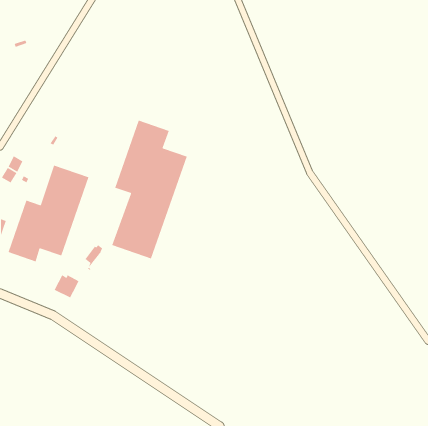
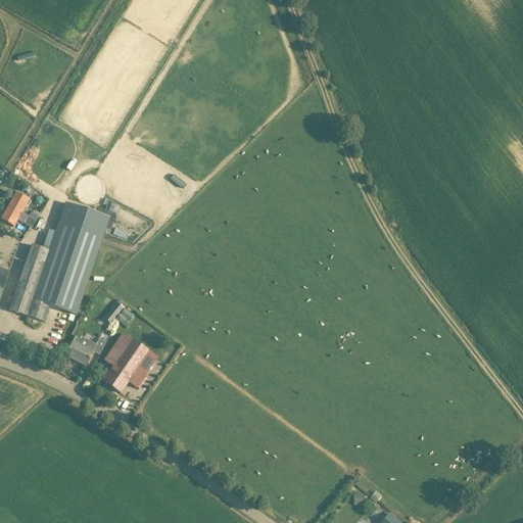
building: [111,120,188,259] -> none
building: none -> [104,332,157,391]

